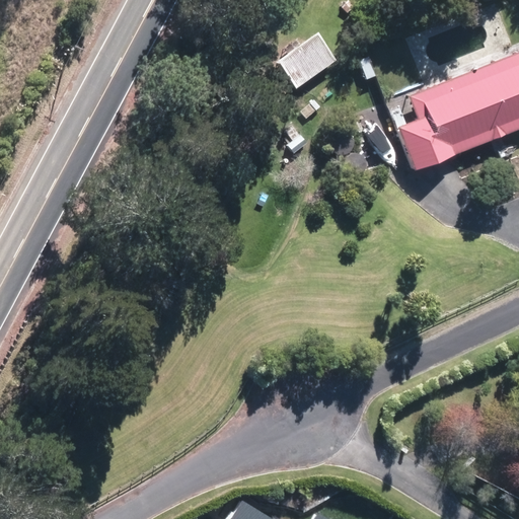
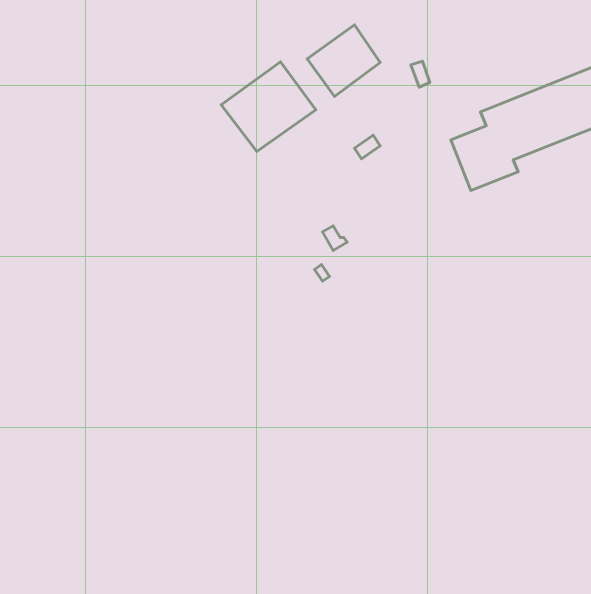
building: none -> [221,62,316,152]

